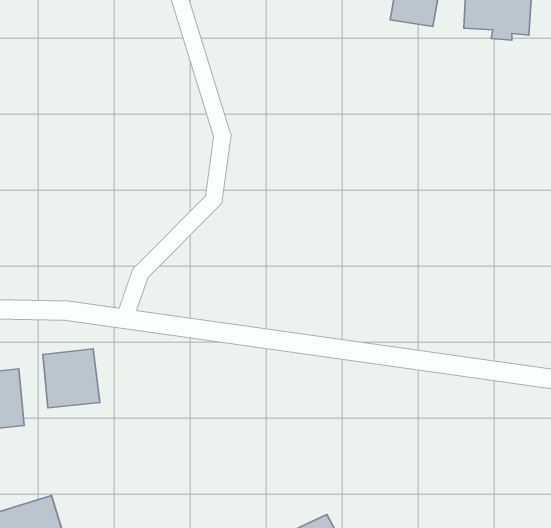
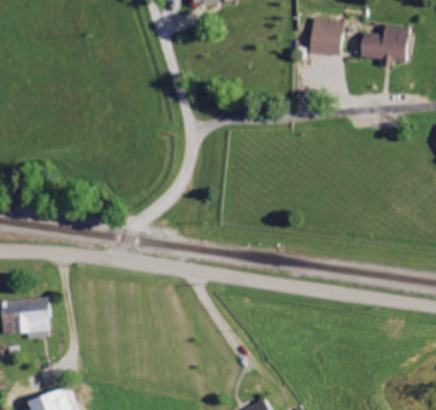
building: [43,349,100,408] -> none

